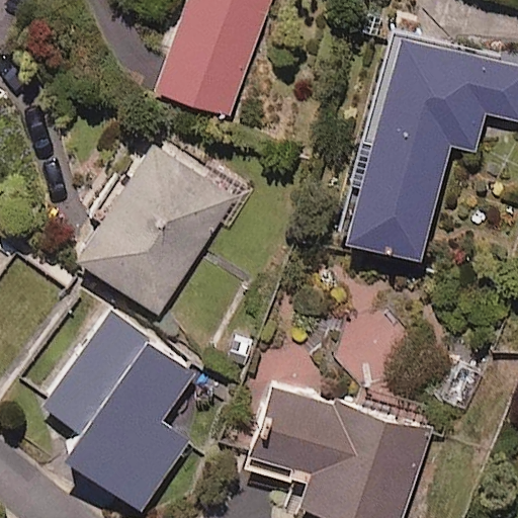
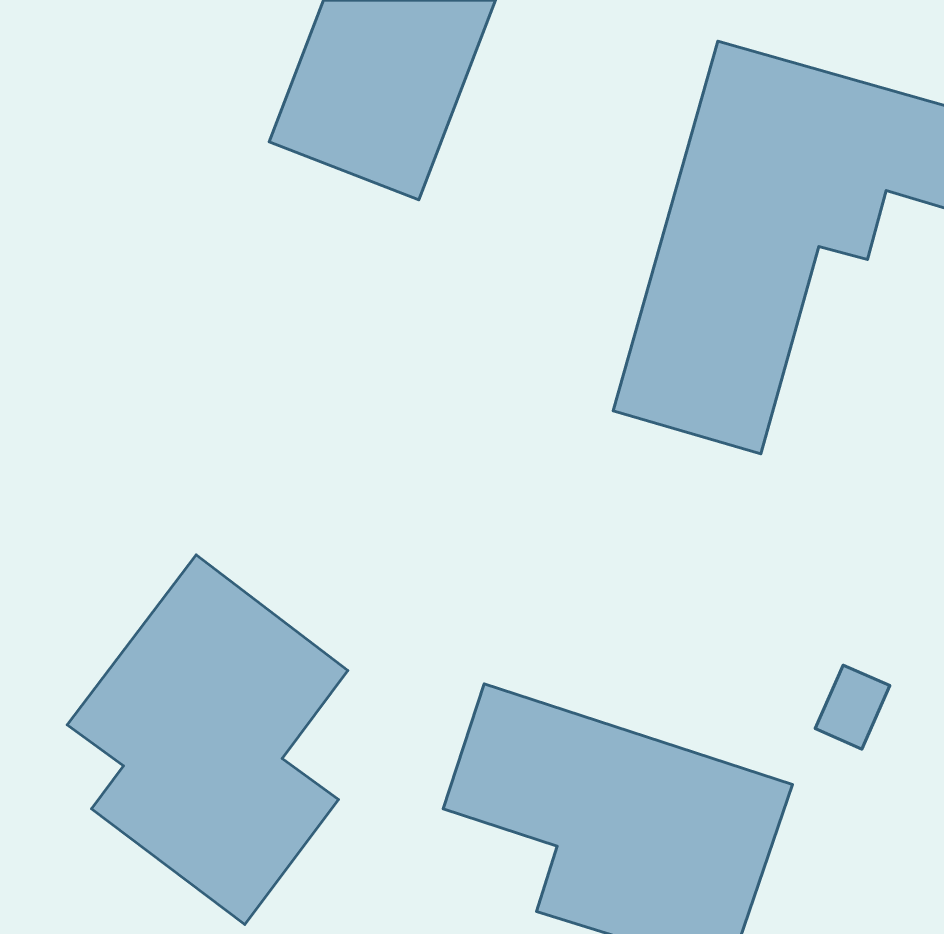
building: [74,144,240,317] -> none

